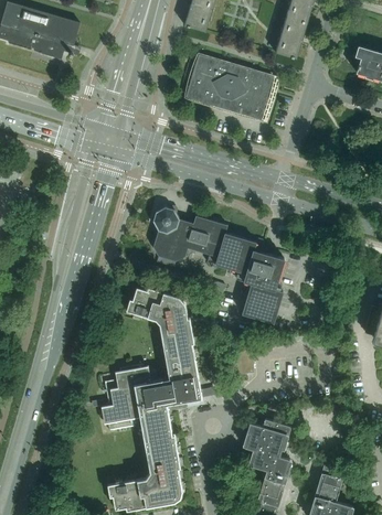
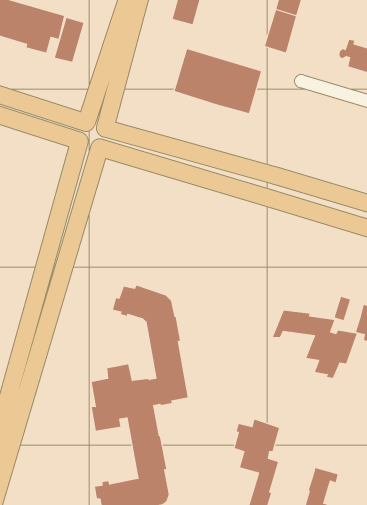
building: none -> [54,17,84,63]
building: [153,206,285,323] -> none
building: none -> [272,310,358,379]

